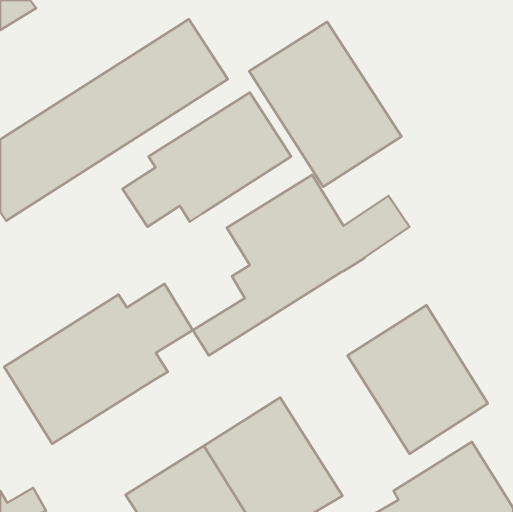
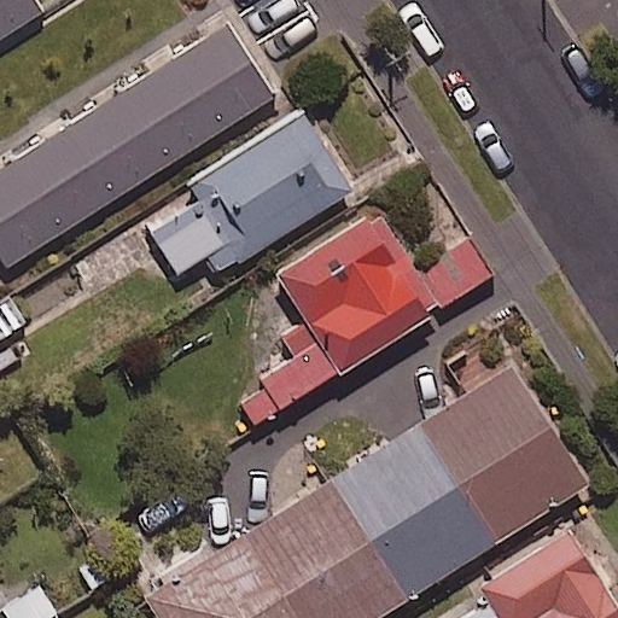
building: [249,22,402,187] -> none
building: [4,284,193,444] -> none
building: none -> [337,428,492,597]

